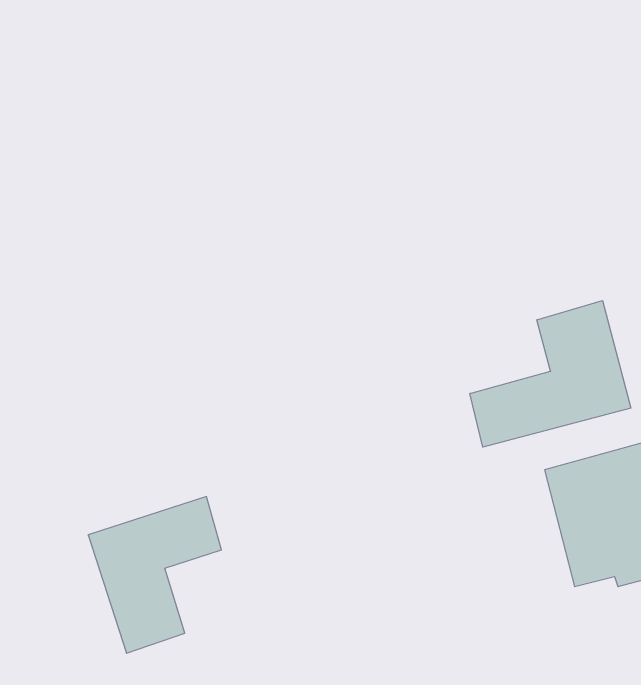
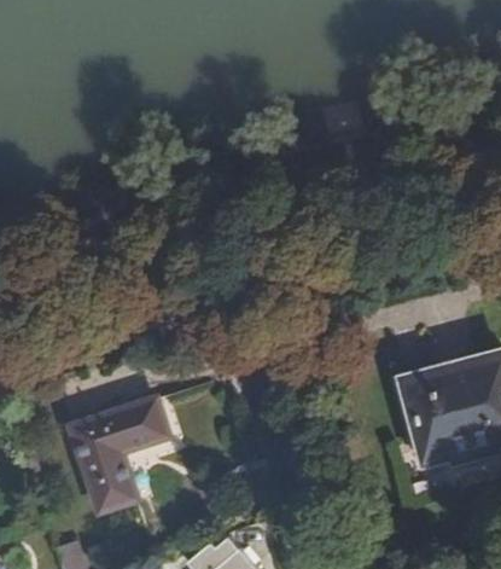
building: [470,301,631,447] -> none

